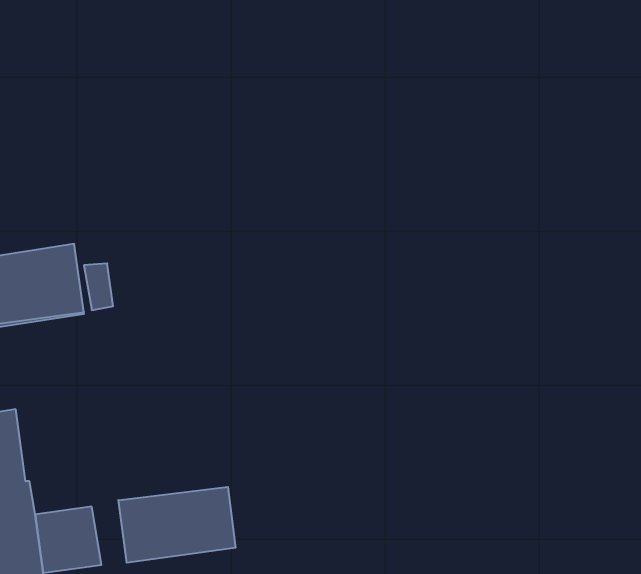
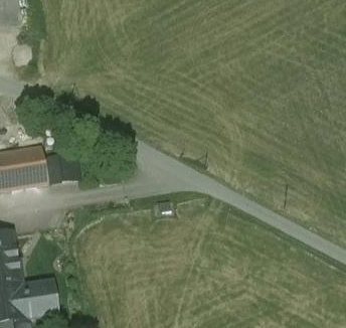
building: [118,487,236,563] -> none

